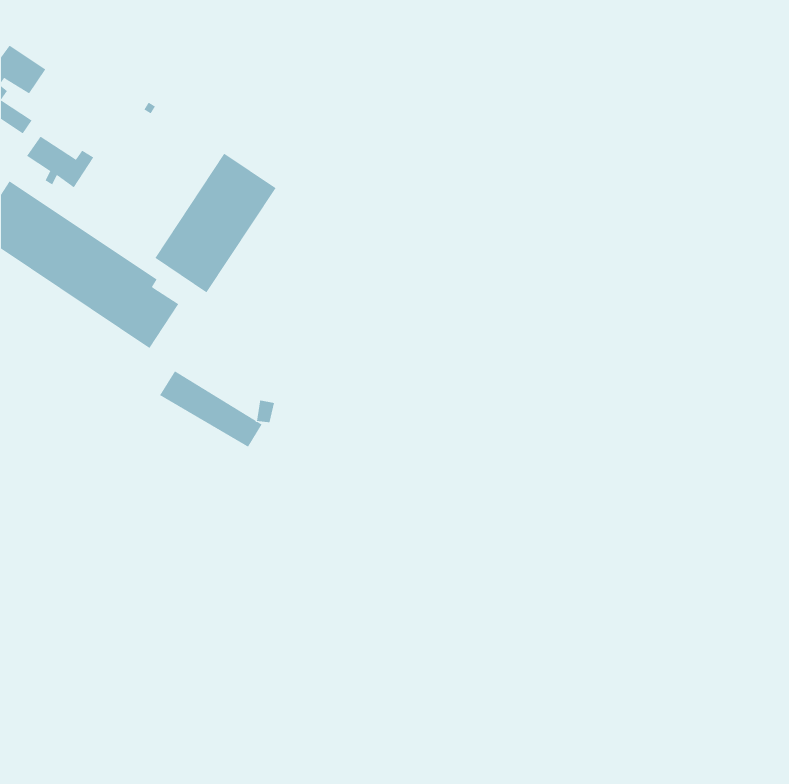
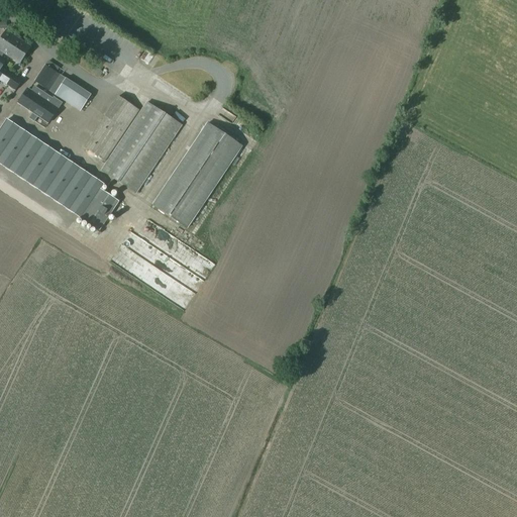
building: none -> [34,64,91,110]
building: none -> [84,95,138,160]
building: none -> [153,122,242,227]

